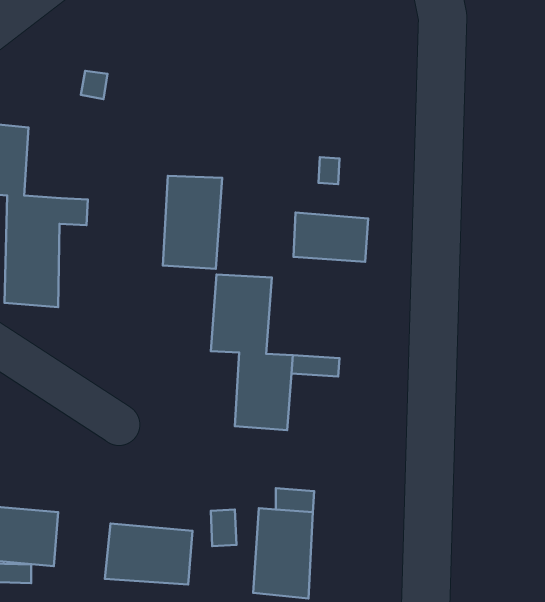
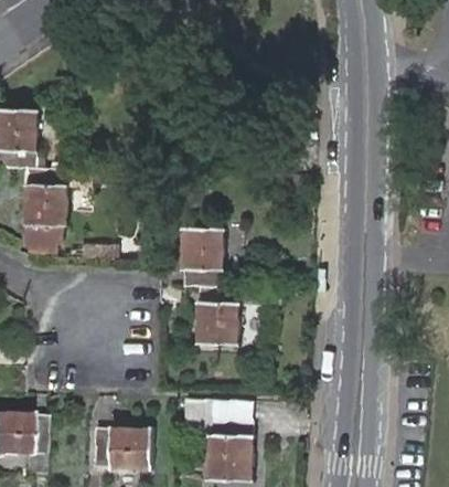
building: [163,176,222,269] -> none
building: [293,212,368,262] -> none

